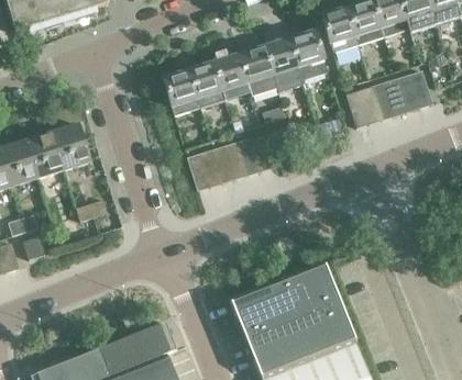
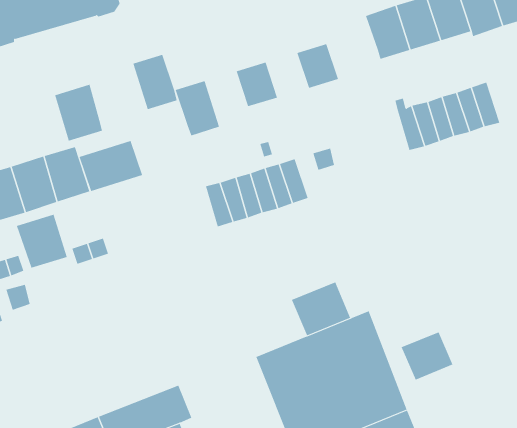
building: [289,31,328,80] -> none
building: [239,46,277,96] -> none
building: [188,62,226,108] -> [133,54,177,110]
building: none -> [54,84,103,141]
building: none -> [79,140,143,192]
building: none -> [16,214,68,269]
building: none -> [291,282,351,336]
building: none -> [401,331,453,380]

